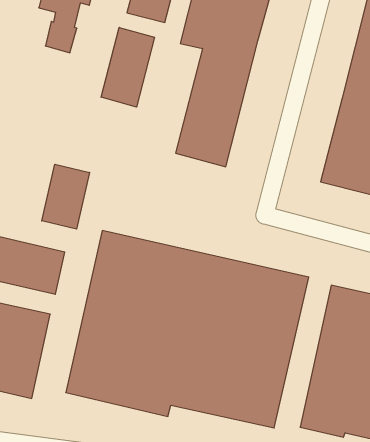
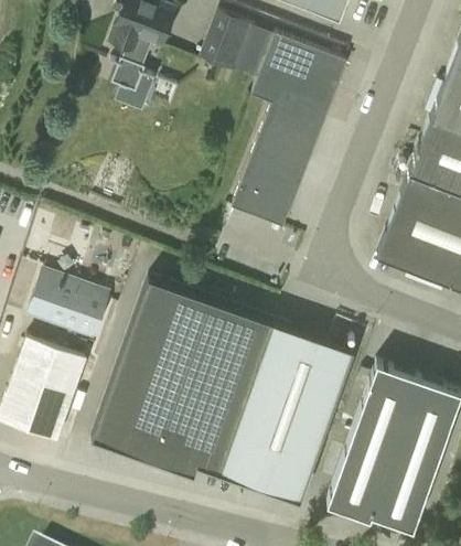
building: [101,27,155,107] -> none
building: [42,164,90,229] -> none

